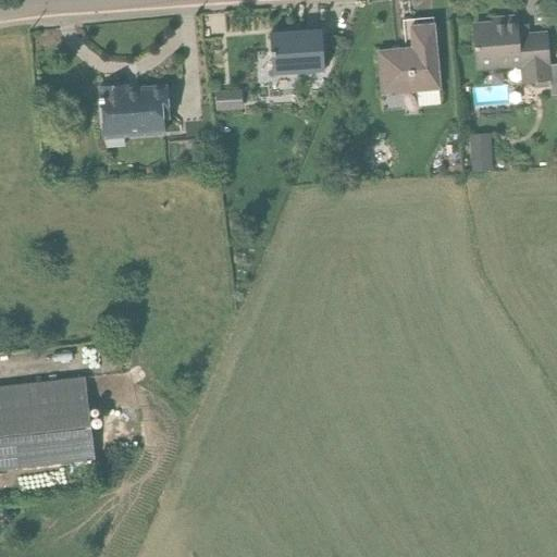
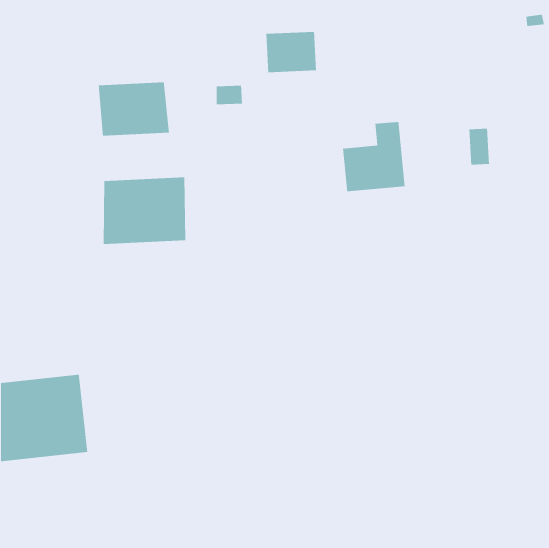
building: [472,13,550,83] -> none
building: [376,23,441,95] -> [342,121,406,192]
building: none -> [103,177,186,245]

